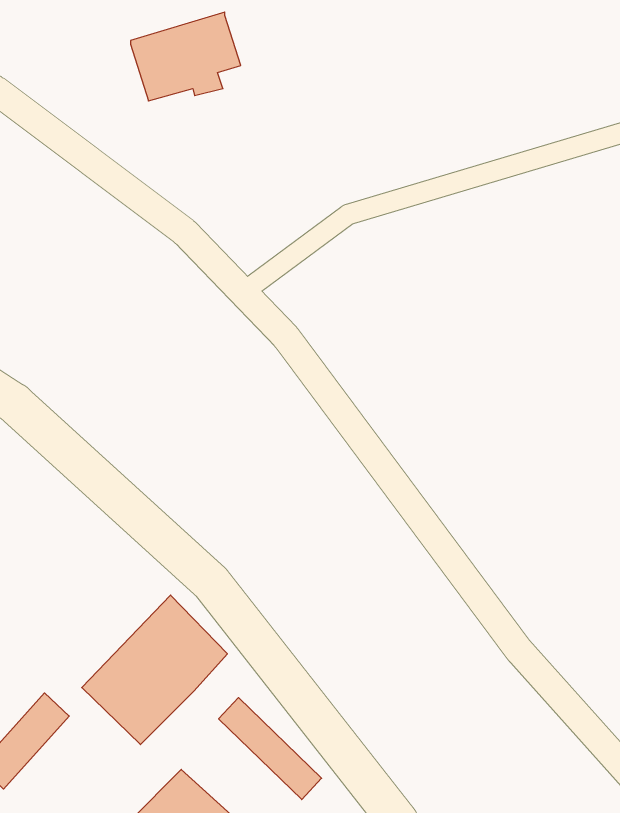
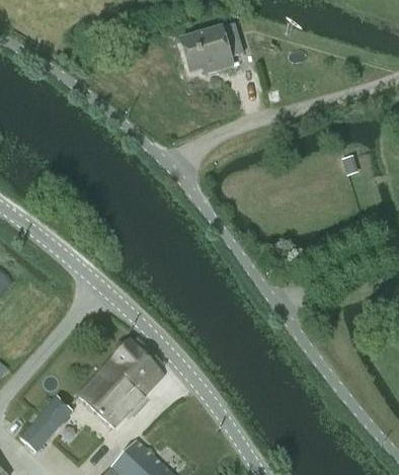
building: [131,12,241,101] -> [180,24,243,75]
building: [219,698,322,800] -> none

